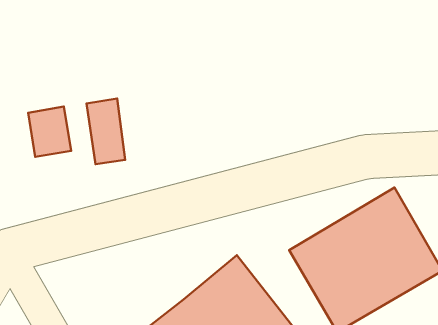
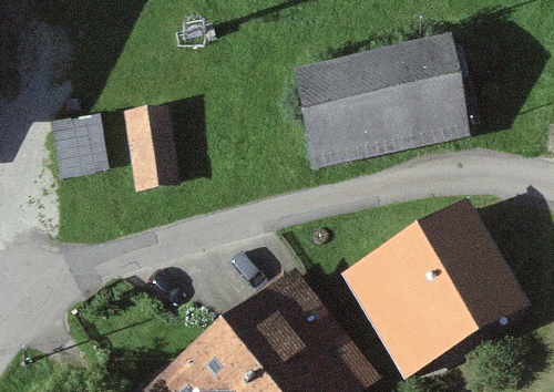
building: none -> [297,52,464,158]

